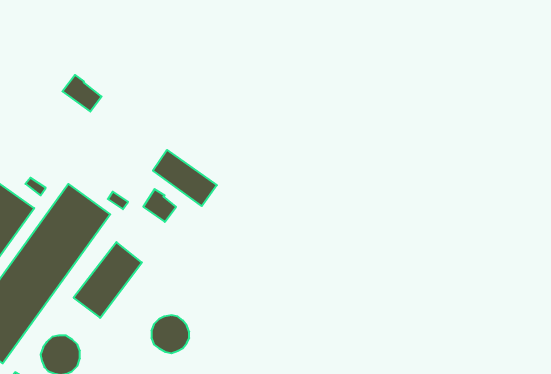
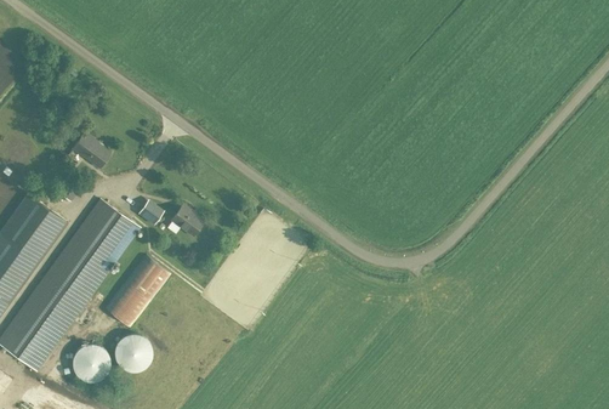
building: [62,75,102,112] -> [72,132,109,167]
building: [153,150,217,206] -> none
building: [151,315,189,353] -> [118,335,154,371]

